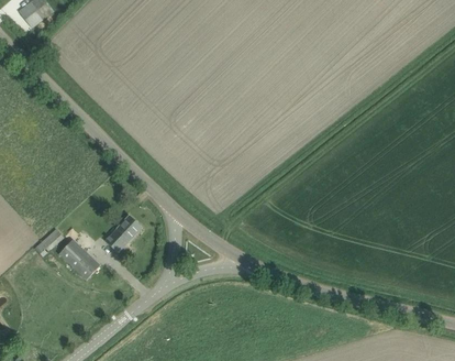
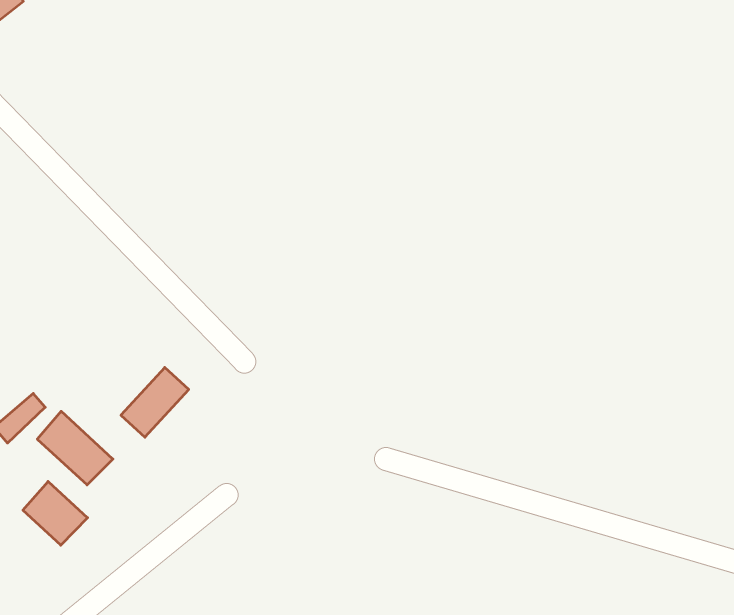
building: none -> [23,481,88,545]

